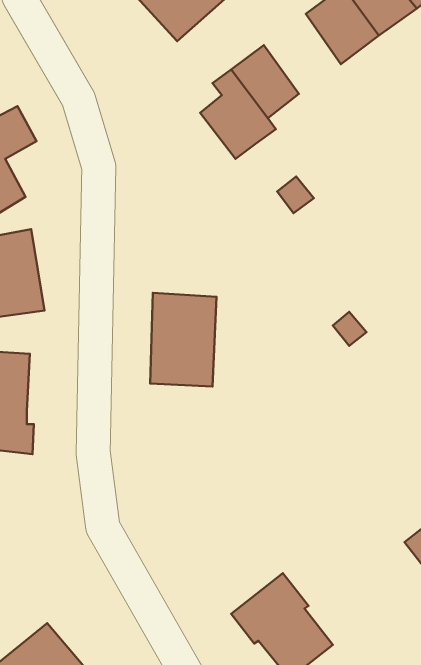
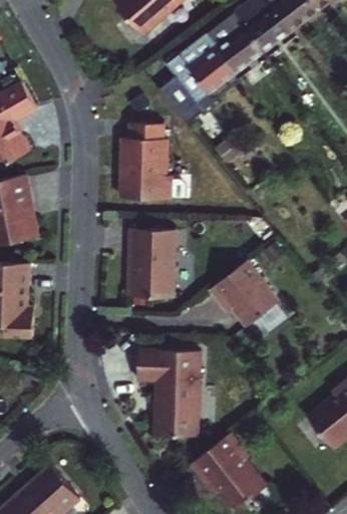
building: none -> [208,16,265,75]
building: none -> [115,117,181,196]
building: none -> [205,257,273,322]
building: none -> [141,351,202,437]

